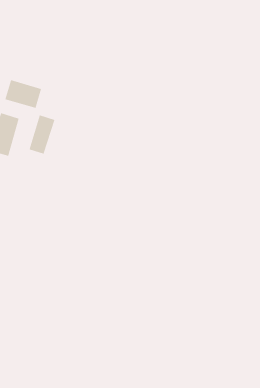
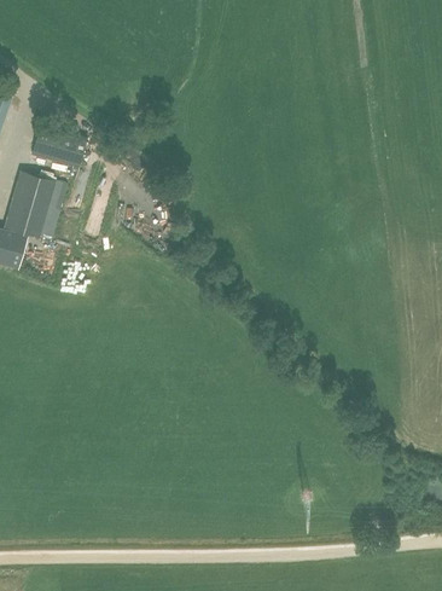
building: [29,114,55,155] -> none

